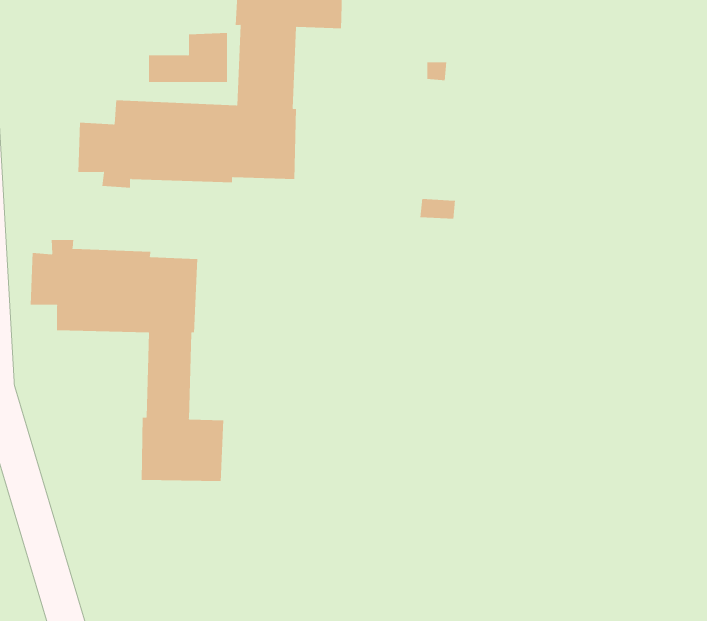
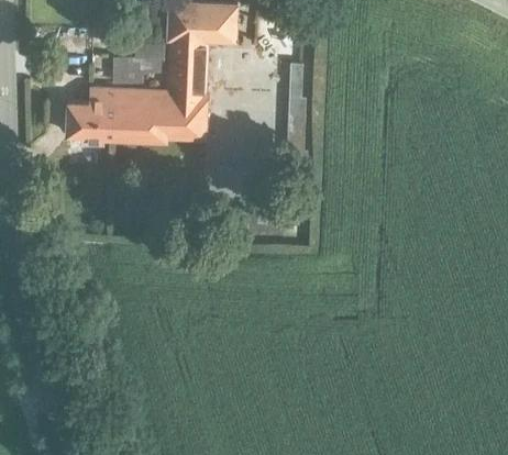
building: [30,239,224,482] -> none

